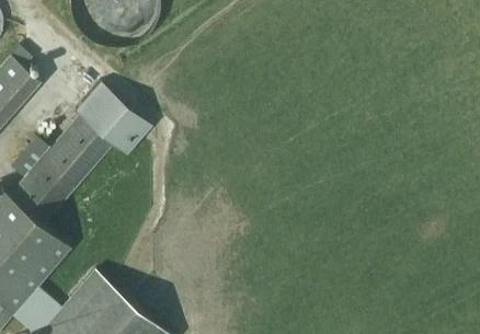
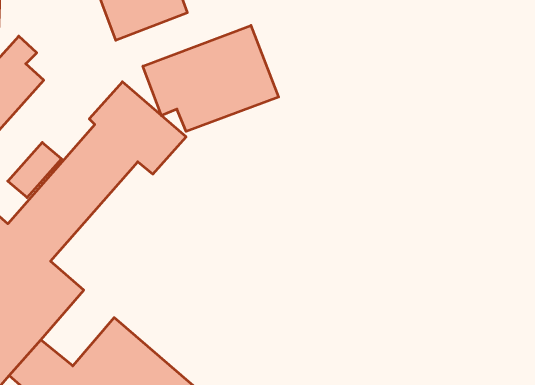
building: none -> [143,25,279,131]

